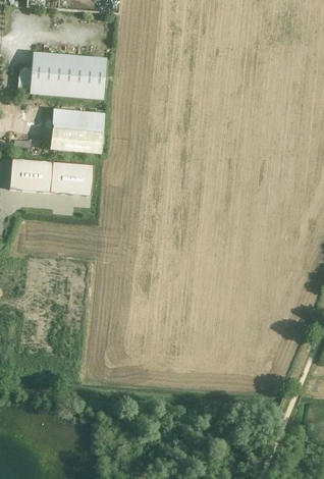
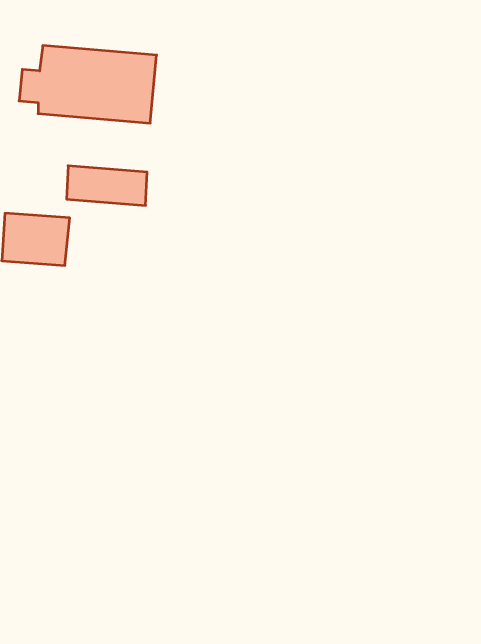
building: [52,109,105,132] -> none
building: [50,162,93,197] -> none

